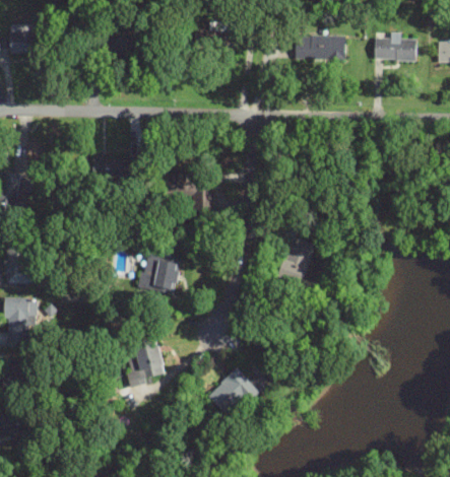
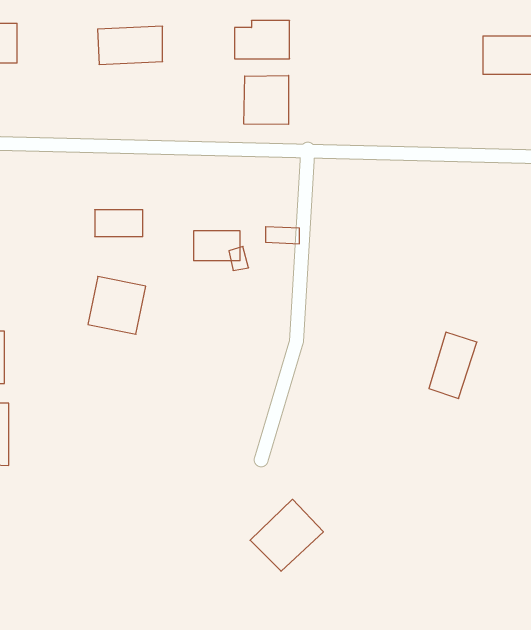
building: [295,36,346,59] -> none
building: none -> [244,75,289,124]
building: [280,236,315,284] -> [429,332,477,399]
building: [141,253,183,294] -> [88,276,146,334]
building: [129,345,162,381] -> none

